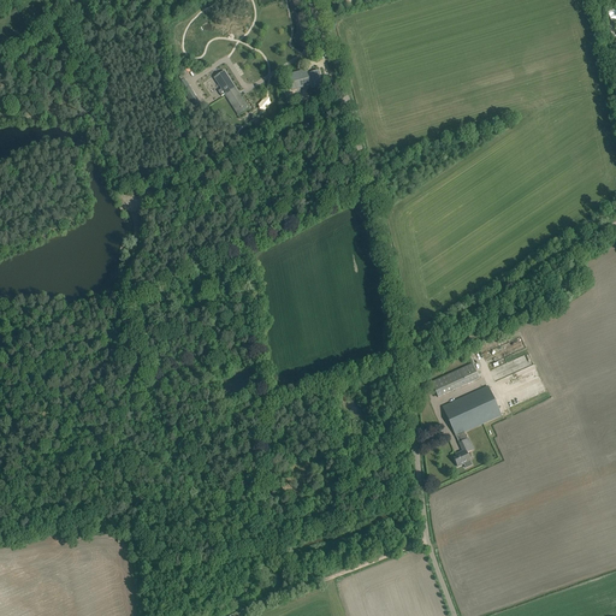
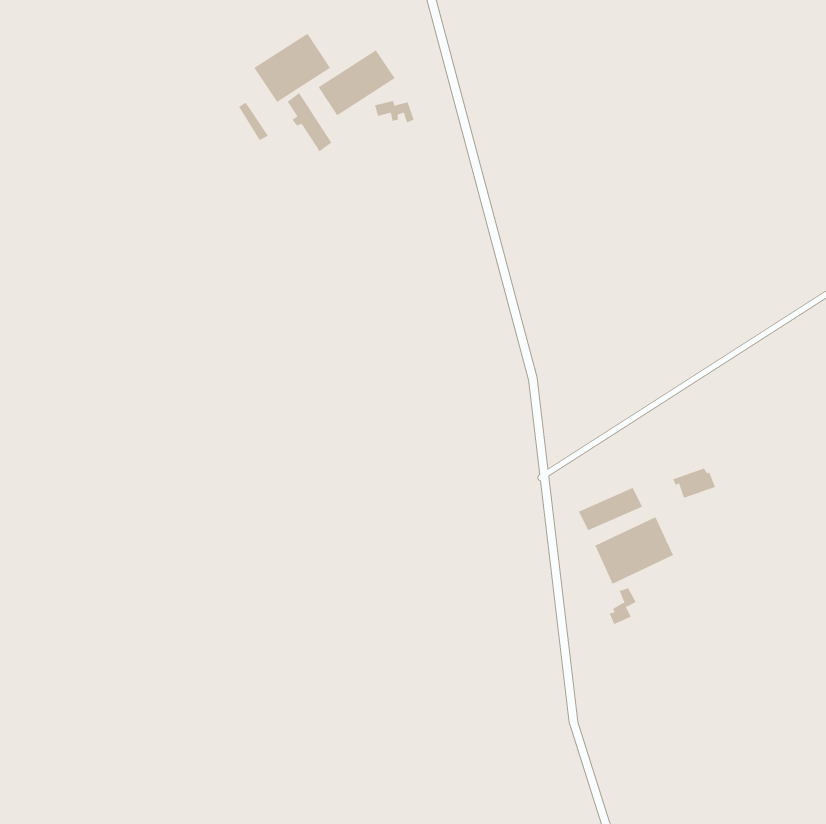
building: none -> [254,33,331,103]
building: none -> [318,49,395,116]

